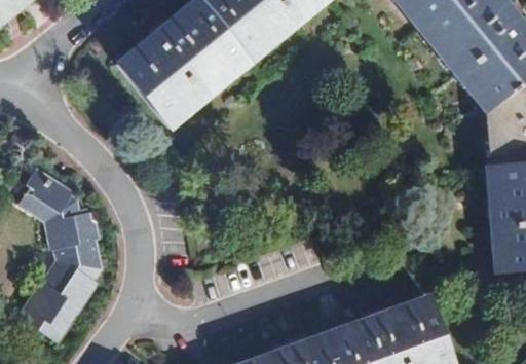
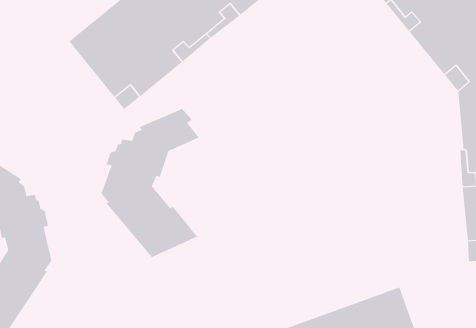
building: none -> [101,108,200,258]

